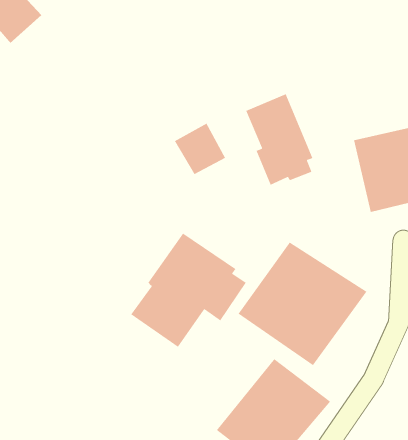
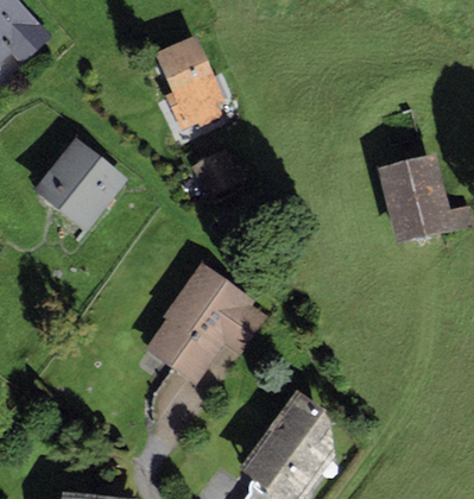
building: [245,93,314,186] -> [152,36,223,132]
building: none -> [32,137,126,230]
building: [238,242,367,366] -> none

